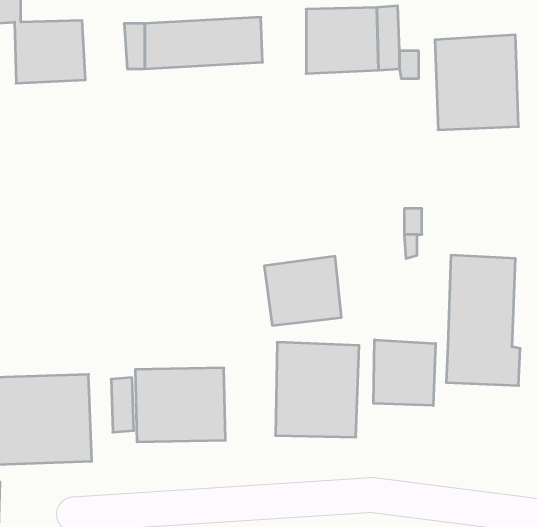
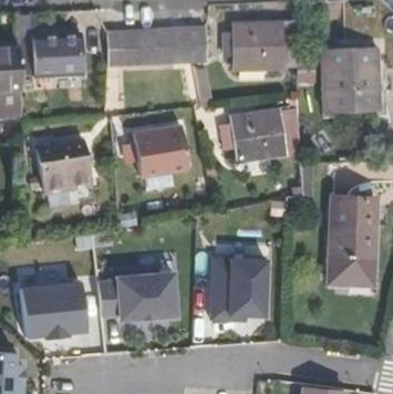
building: none -> [134,128,186,178]
building: none -> [35,139,91,190]
building: [264,256,341,325] -> [232,116,286,164]
building: [374,340,436,406] -> none

